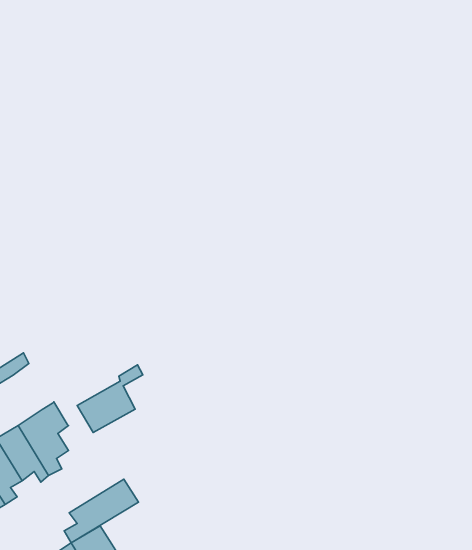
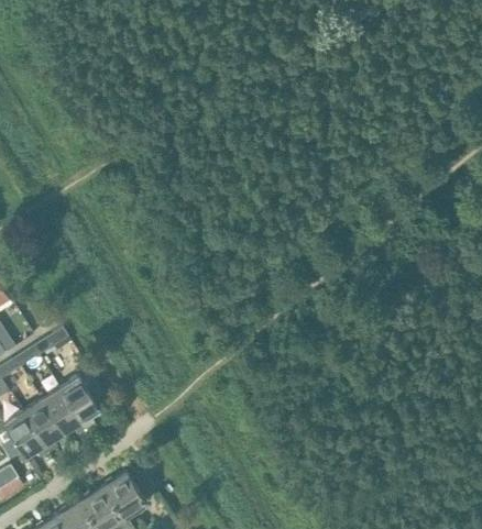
building: [77,365,143,432] -> none
building: [64,479,138,543] -> none

